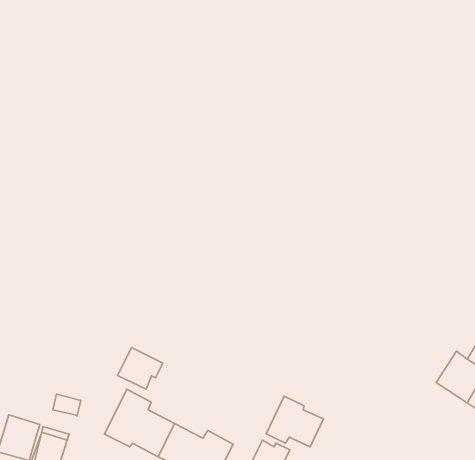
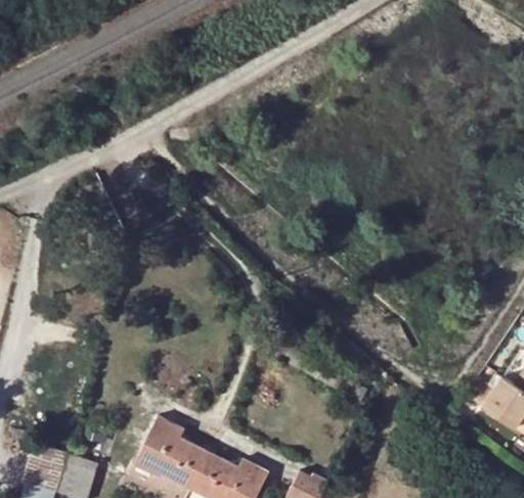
building: [117,347,163,389] -> none
building: [266,396,324,447] -> none

